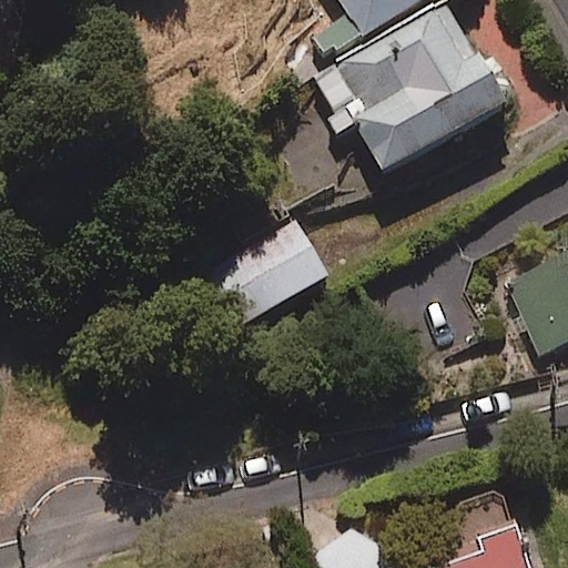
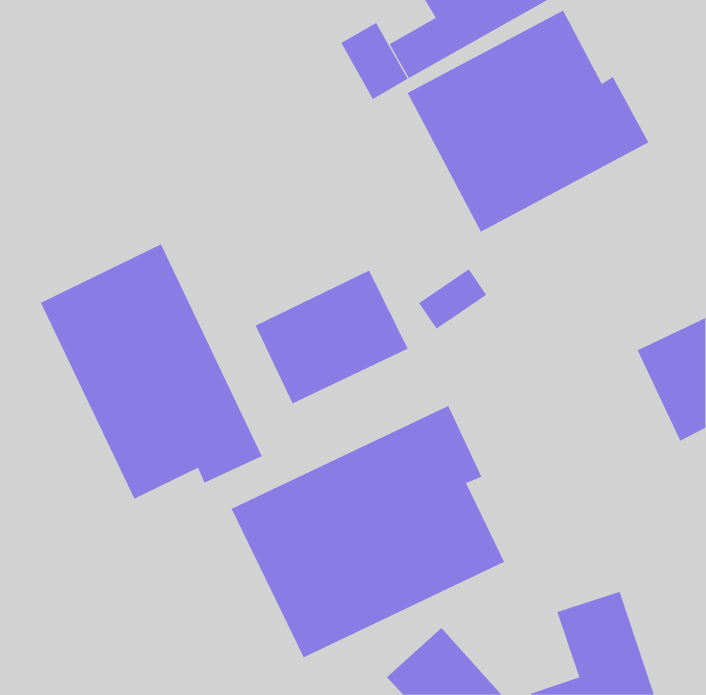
building: none -> [40,244,262,499]
building: none -> [231,405,505,658]

